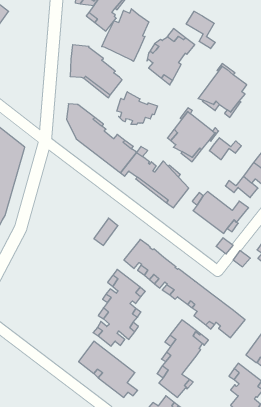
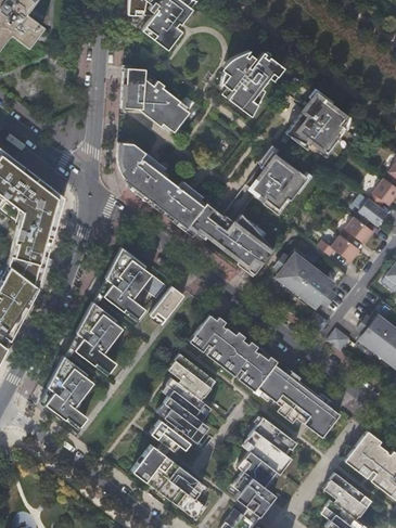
building: [102,9,149,61] -> none
building: [186,11,215,49] -> none
building: [117,92,158,125] -> none
building: [209,138,241,160] -> none
building: none -> [103,253,167,318]
building: none -> [74,301,123,371]
building: none -> [46,356,93,425]

